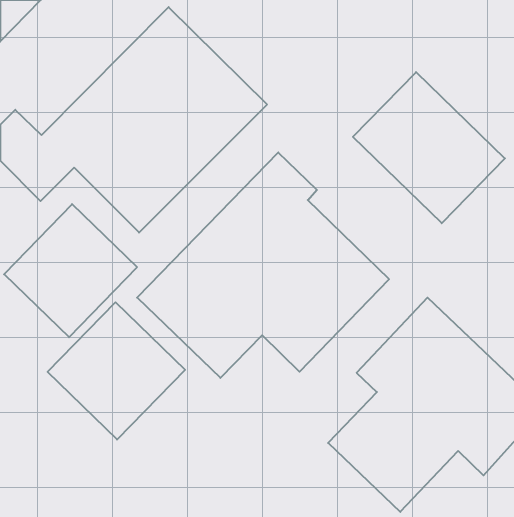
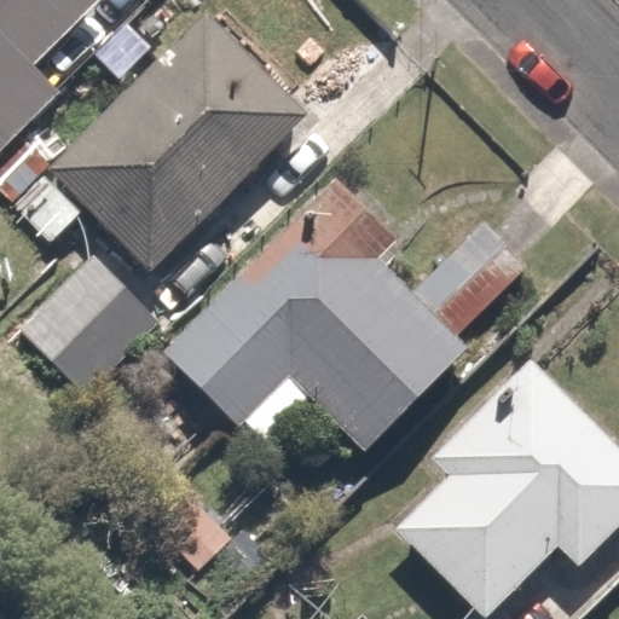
building: [353,72,505,223] -> none
building: [48,302,185,440] -> none

